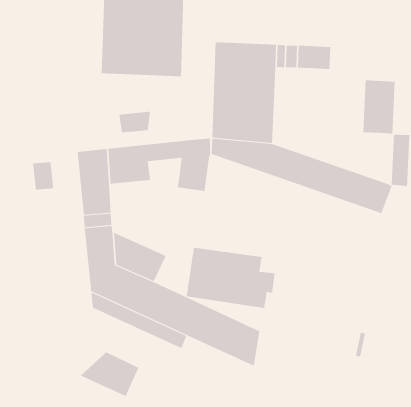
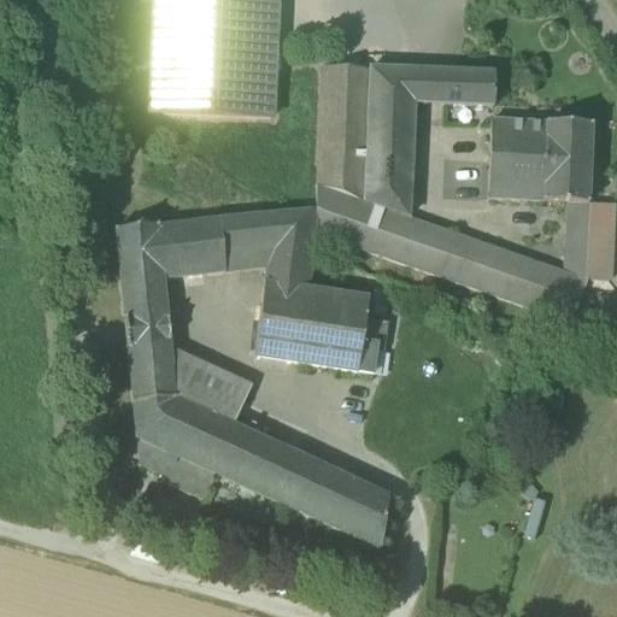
building: none -> [488,117,547,198]
building: [119,111,151,133] -> [224,236,272,269]
building: none -> [566,199,589,276]
building: [33,161,54,191] -> none
building: [186,247,275,309] -> [255,280,389,371]
building: [80,352,139,397] -> none

